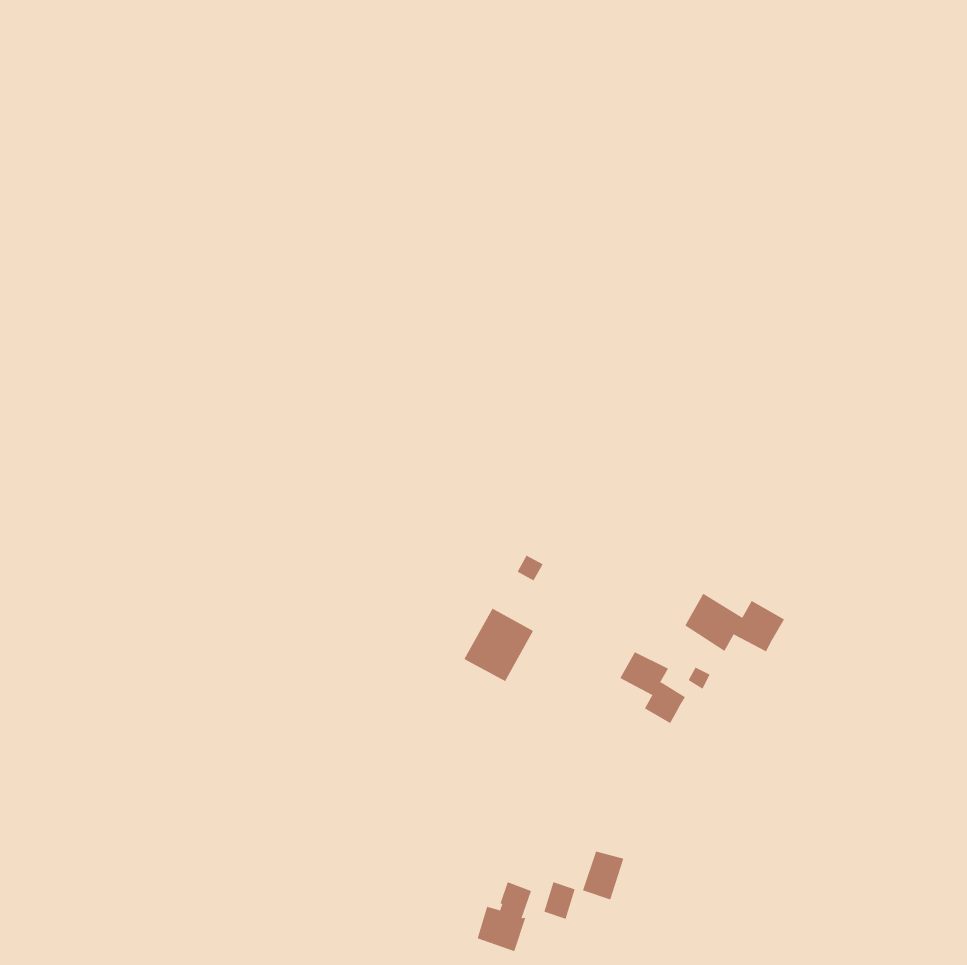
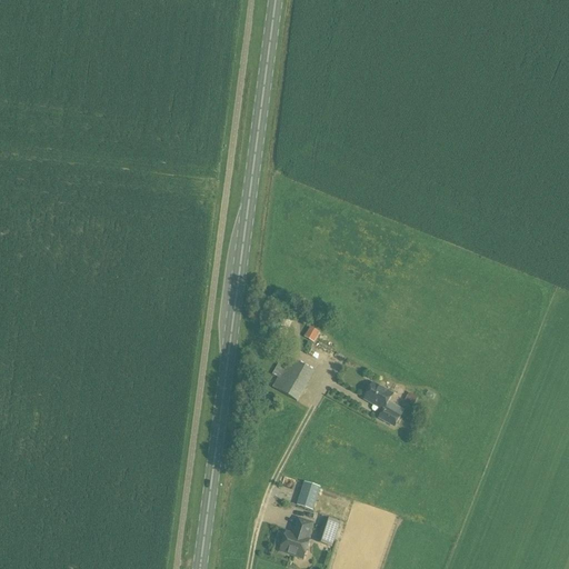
building: [684,593,785,652] -> none
building: [582,851,624,900] -> [295,480,319,509]

